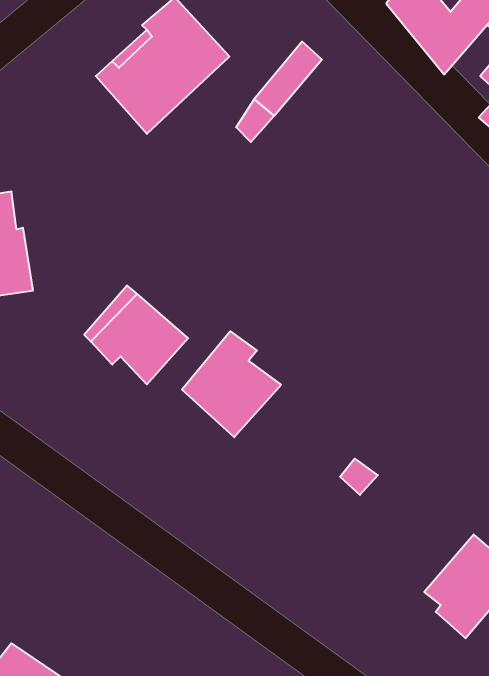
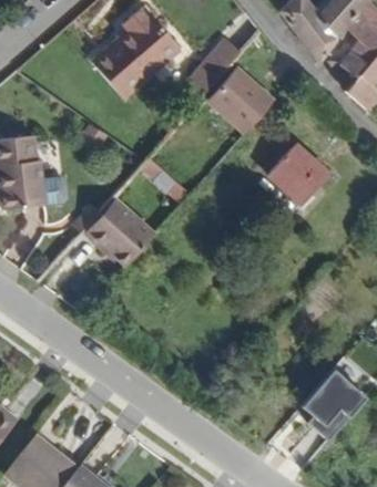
building: none -> [208,64,274,131]
building: none -> [269,139,330,206]
building: [182,331,281,437] -> none

